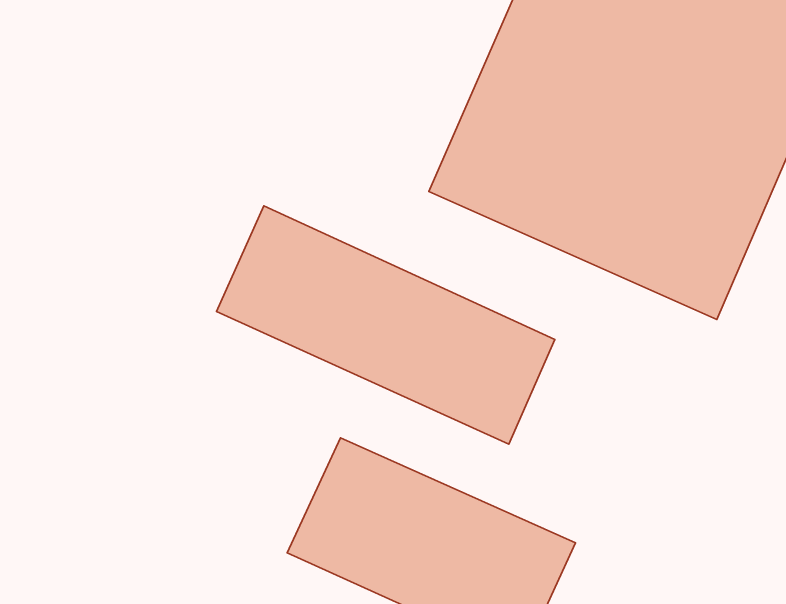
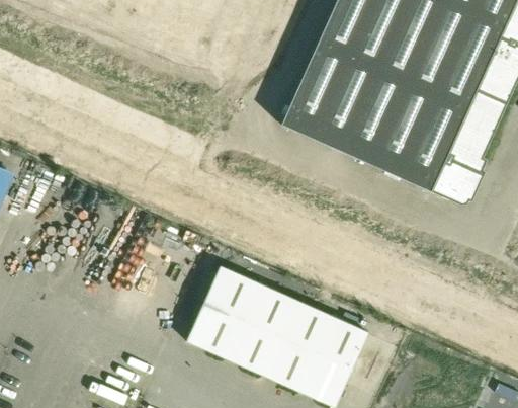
building: [216,206,555,444] -> none

